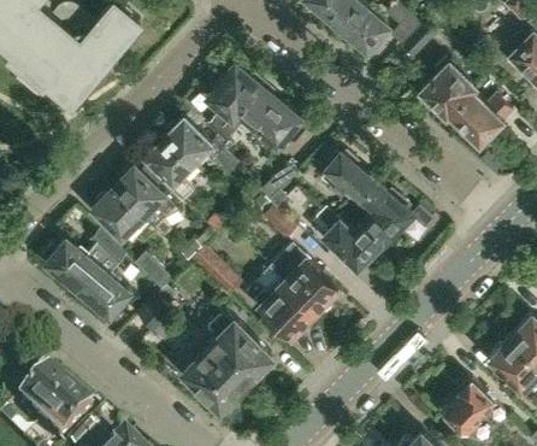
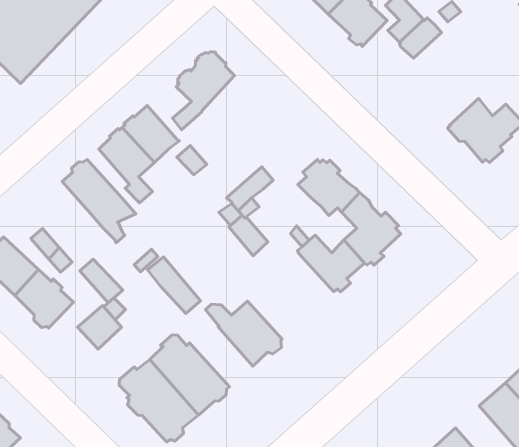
building: [419,60,477,118] -> none
building: [214,84,303,152] -> none
building: [92,187,142,239] -> none
building: [268,243,338,312] -> none

